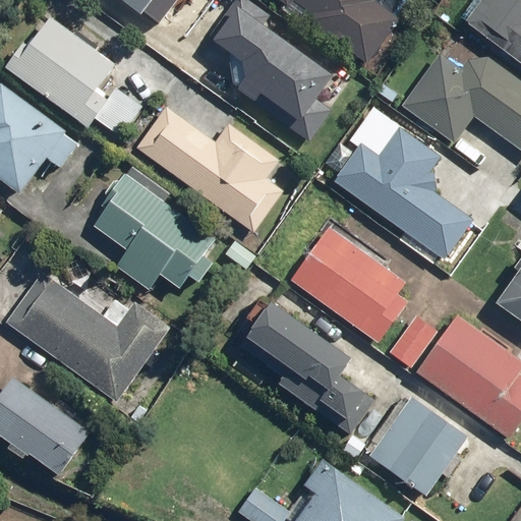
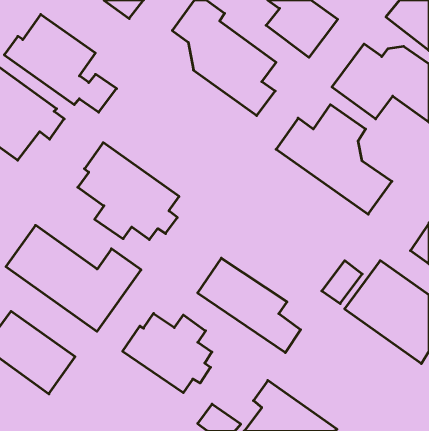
building: [136,106,283,231] -> none
building: [291,227,409,343] -> none
building: none -> [123,313,212,393]
building: [368,396,467,496] -> none

